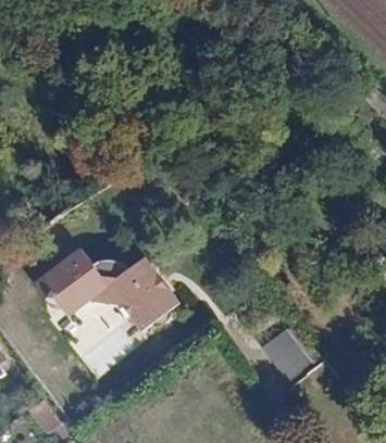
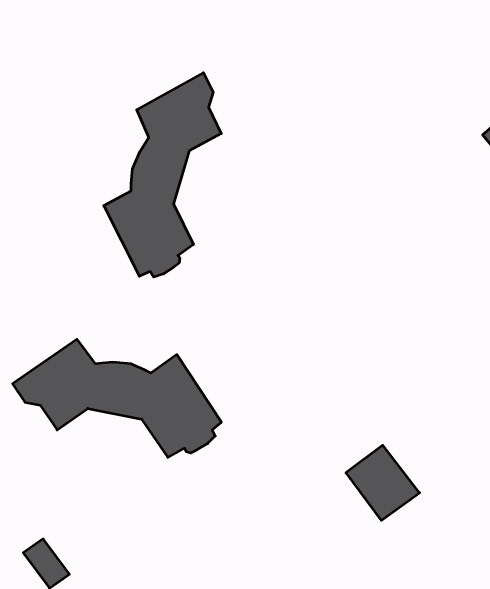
building: none -> [104,73,221,277]

